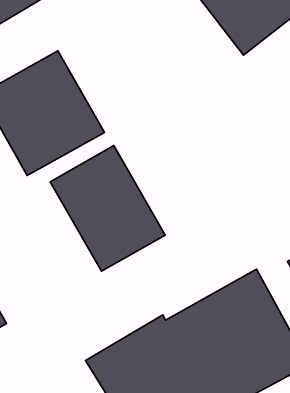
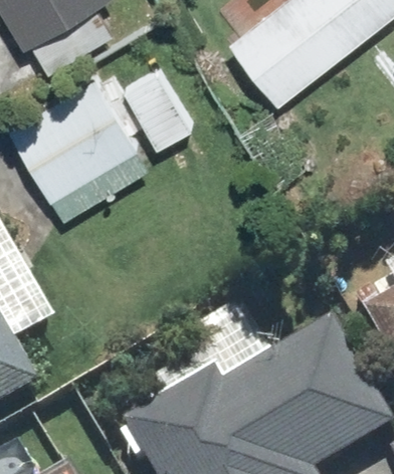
building: [50,146,165,271] -> none

